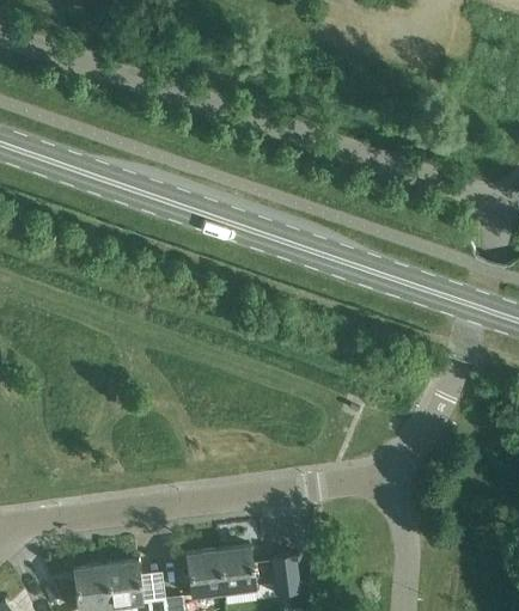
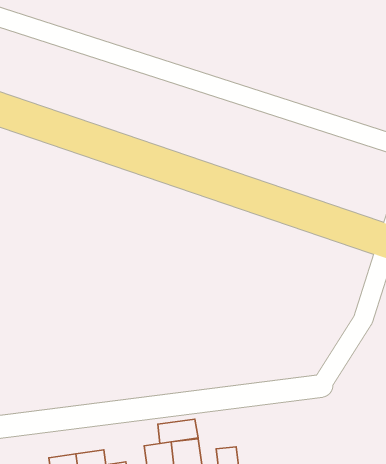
building: none -> [158,419,198,443]

